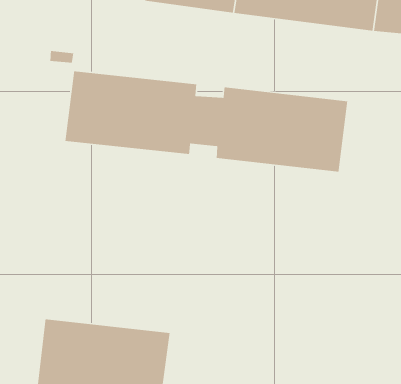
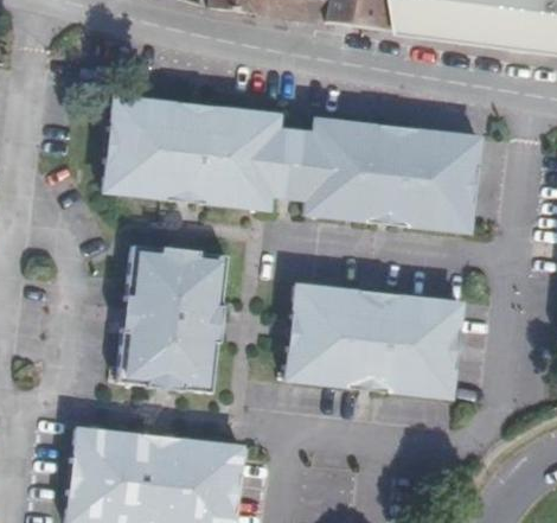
building: none -> [119,245,230,393]
building: none -> [286,283,462,397]

